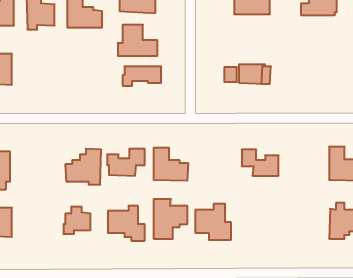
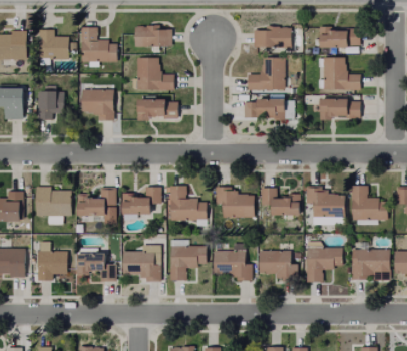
building: none -> [248,57,284,92]
building: none -> [324,57,361,93]
building: none -> [37,86,63,120]
building: none -> [81,89,112,120]
building: none -> [321,99,361,120]
building: none -> [36,187,71,225]
building: none -> [216,187,254,217]
building: none -> [307,187,345,217]
building: none -> [38,241,66,281]
building: none -> [306,241,343,282]
building: none -> [259,251,298,280]

